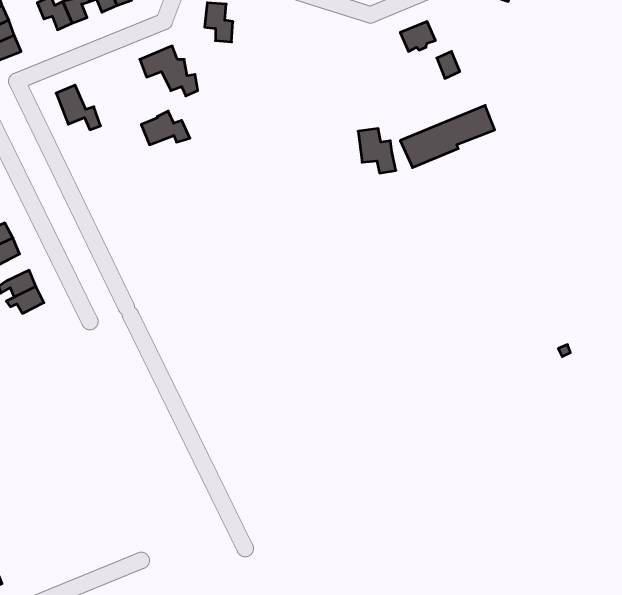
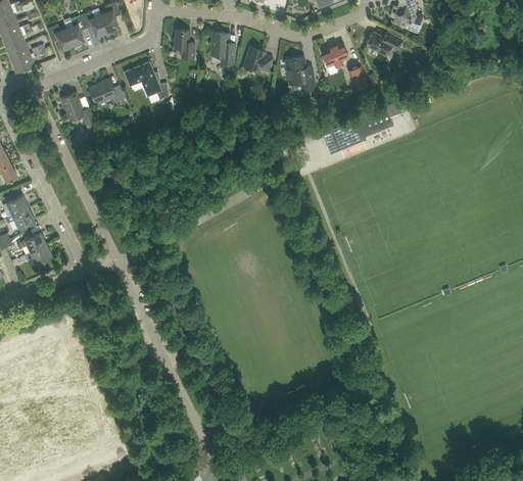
building: none -> [210,33,235,64]
building: none -> [366,33,401,56]
building: none -> [244,48,273,71]
building: [141,111,190,145] -> [89,79,126,104]
building: [358,129,396,173] -> [287,58,316,92]

